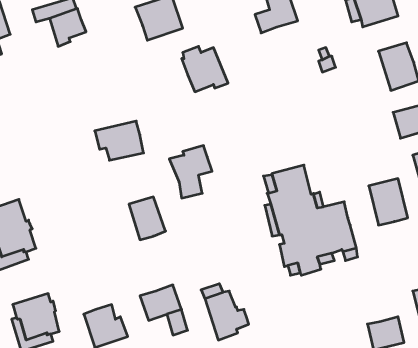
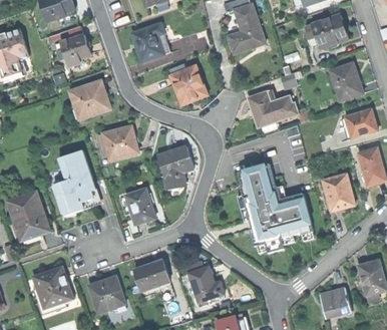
building: none -> [70,81,109,118]
building: none -> [248,92,298,132]
building: none -> [54,150,94,215]

